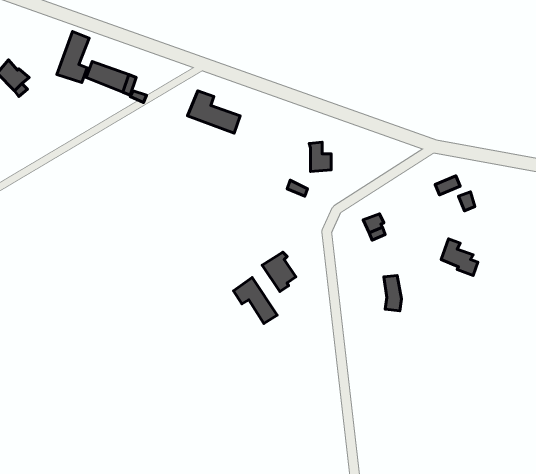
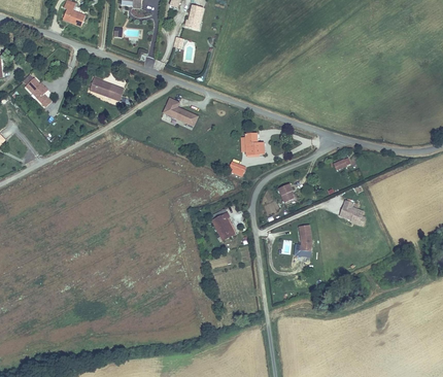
building: [57,32,89,82] -> none
building: [233,277,277,323] -> none

